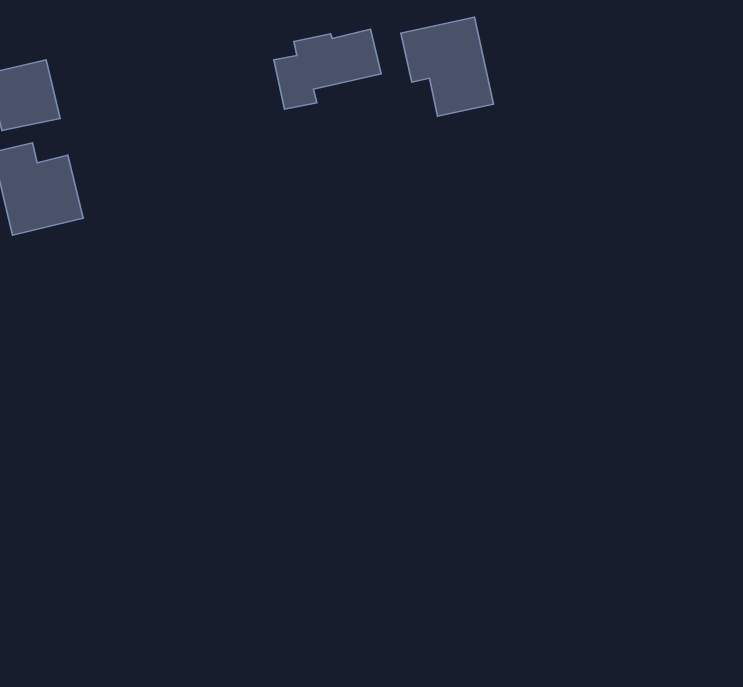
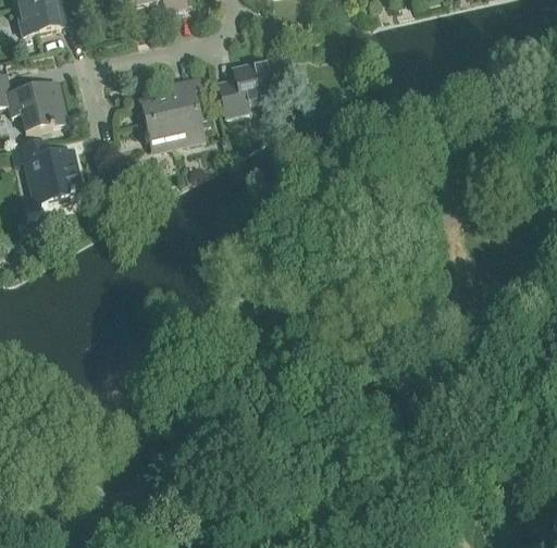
building: [401,17,493,116] -> none
building: none -> [139,75,212,144]

